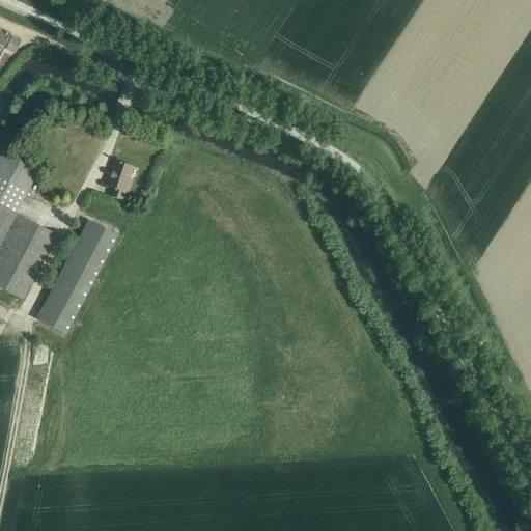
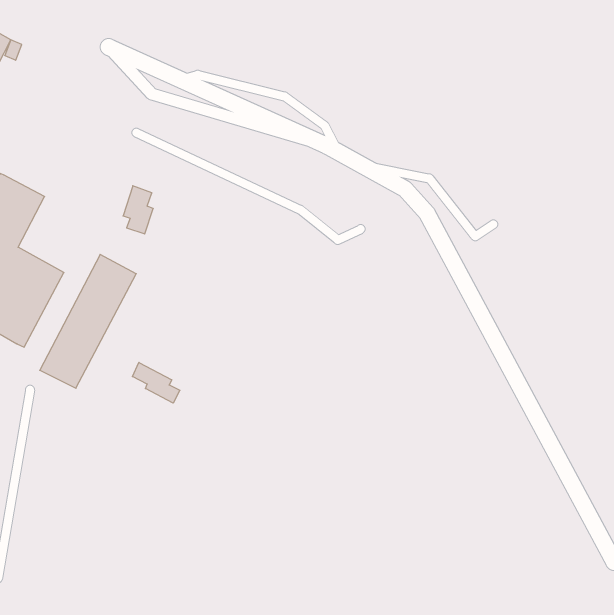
building: none -> [132,362,180,403]

